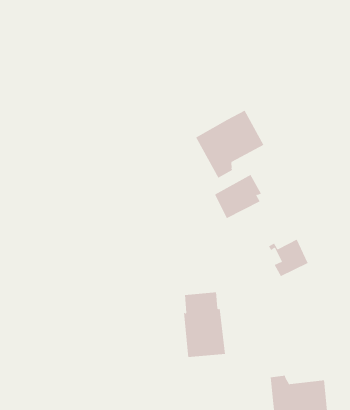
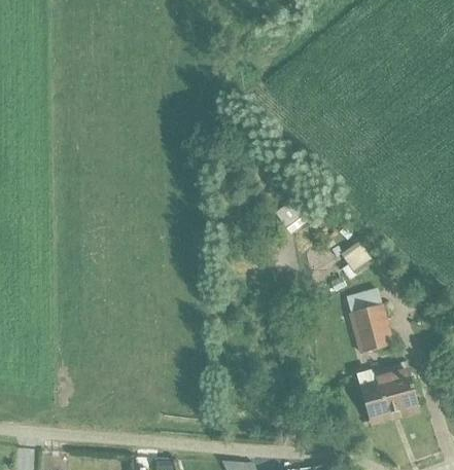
building: [196,110,264,178] -> none
building: [183,292,226,358] -> [346,288,394,354]

